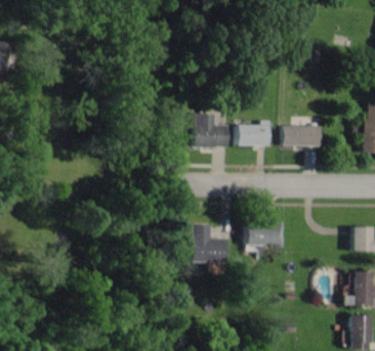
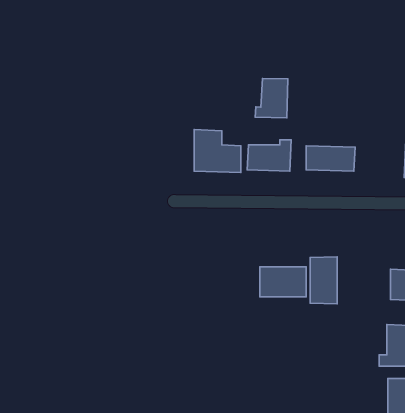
building: none -> [255,79,288,118]
building: none -> [310,257,337,304]
building: [192,225,226,262] -> none

